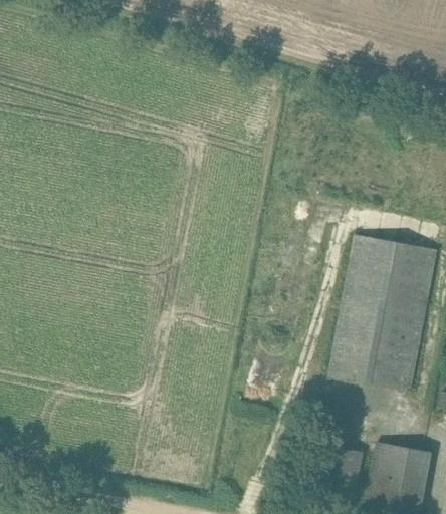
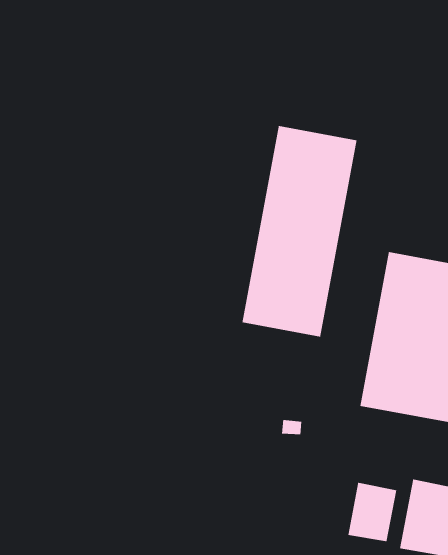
building: none -> [242,125,357,338]

